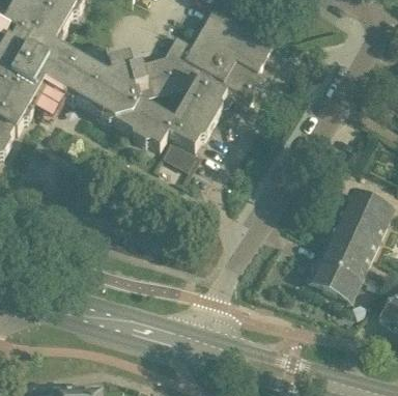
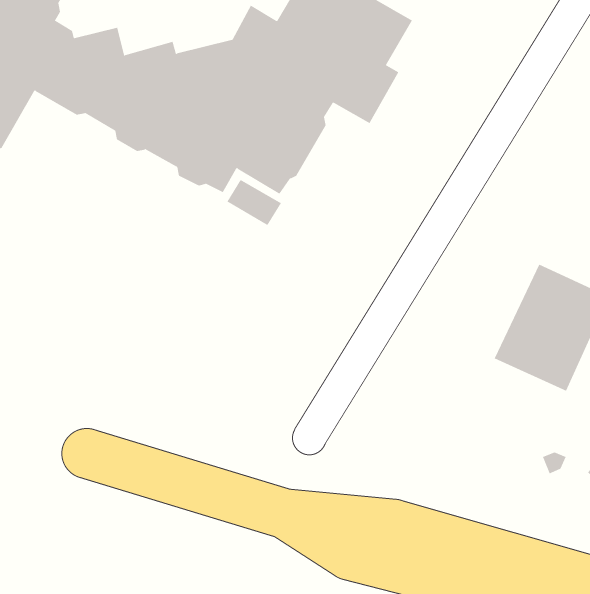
building: [306,248,365,302] -> none

